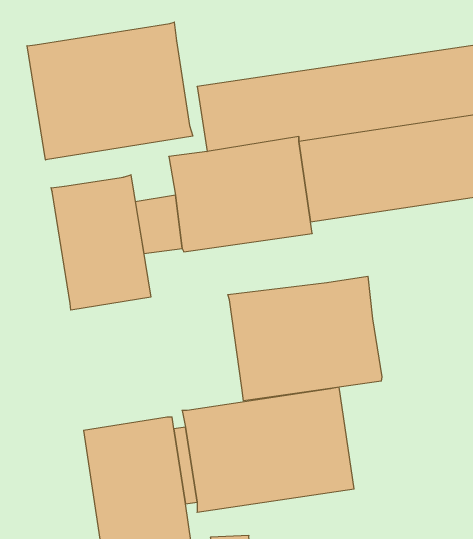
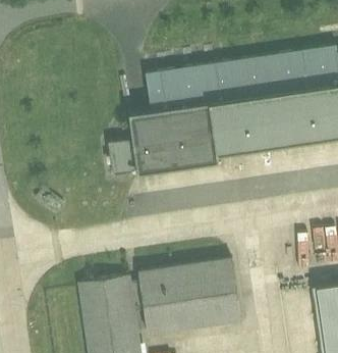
building: [27,22,193,160] -> none
building: [51,175,151,310] -> none
building: [228,276,382,401] -> none

